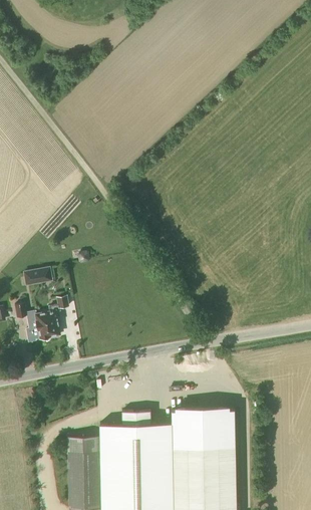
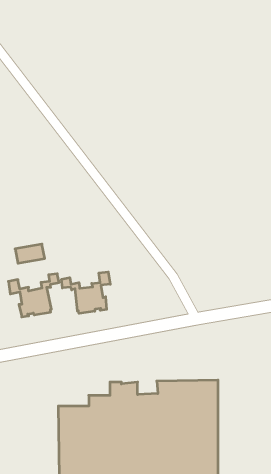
building: none -> [62,272,110,313]

